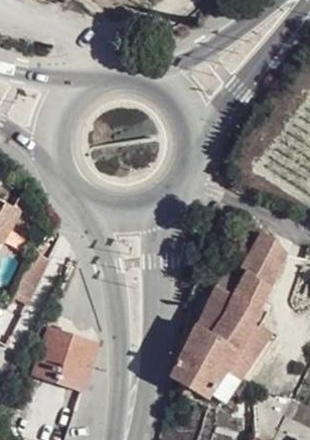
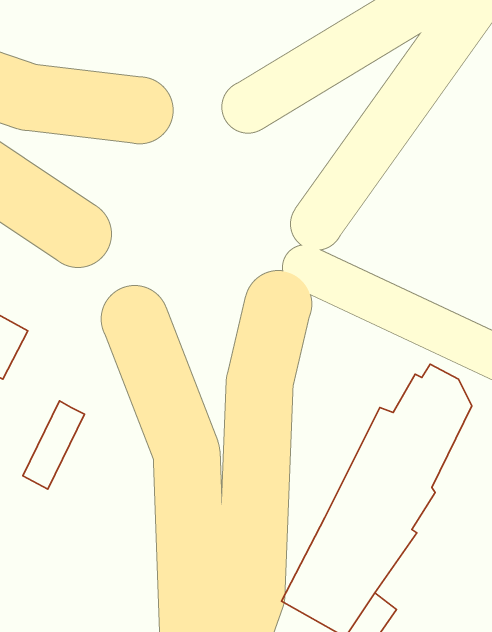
building: [34,328,98,391] -> none

